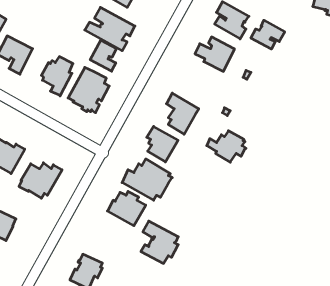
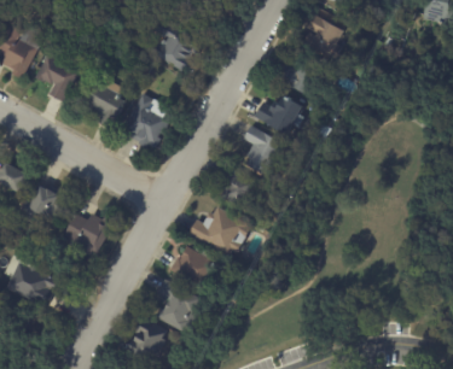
building: [251,20,285,49] -> none
building: [90,40,117,71] -> none
building: [207,131,246,162] -> [255,95,303,134]
building: [141,221,178,263] -> [153,280,199,332]

